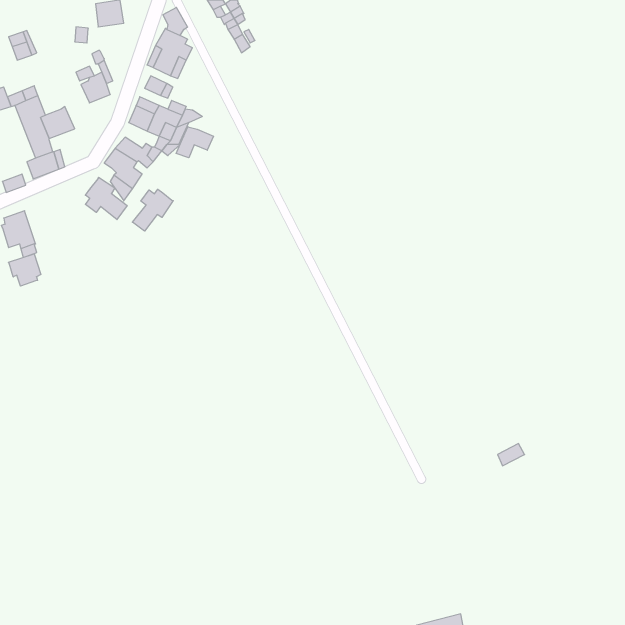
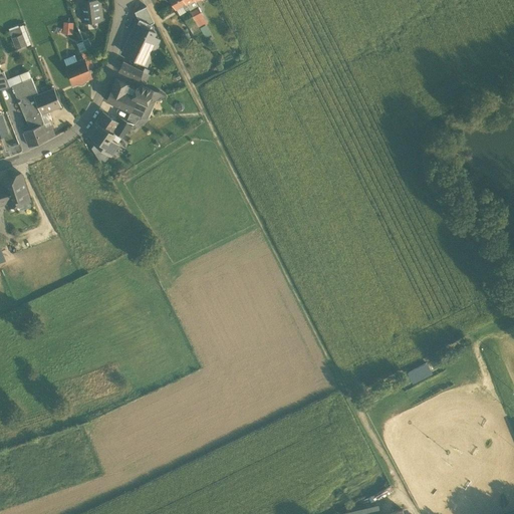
building: [176,127,214,158] -> none
building: [85,177,127,220] -> none
building: [132,189,173,231] -> none
building: [8,254,41,286] -> none

